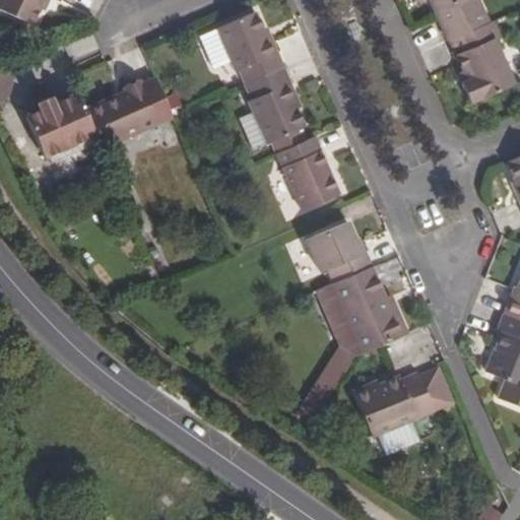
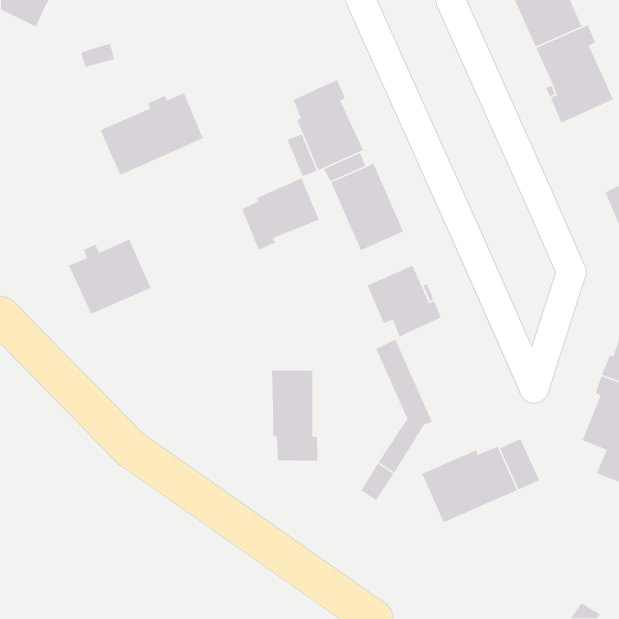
building: [195,11,283,83] -> none
building: [25,92,95,156] -> [68,239,152,315]
building: none -> [241,177,320,251]
building: [332,266,407,353] -> none
building: none -> [271,370,318,462]

